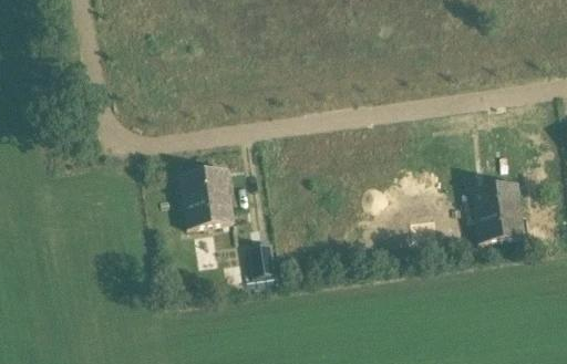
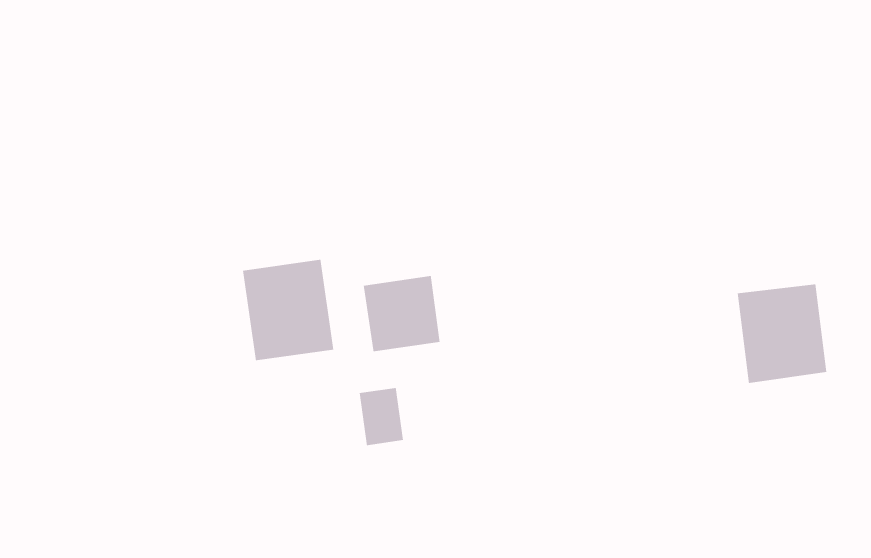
building: none -> [363,275,440,352]

